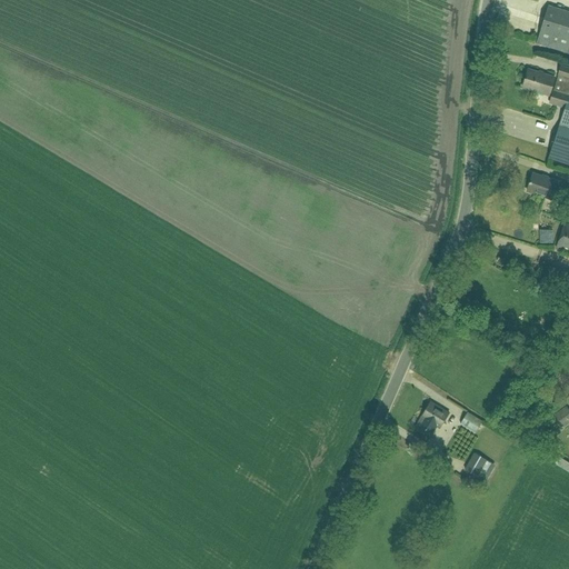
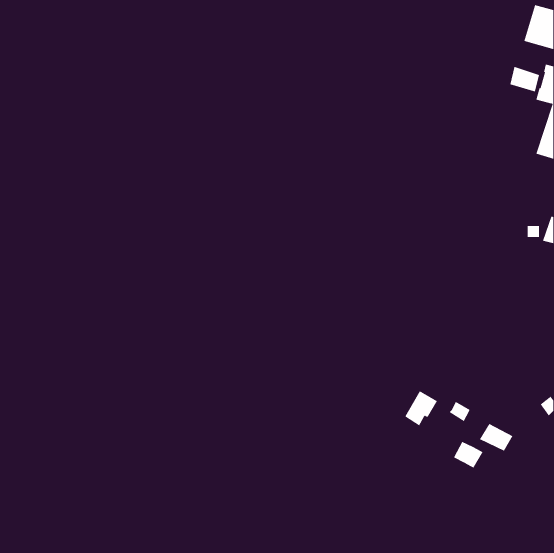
building: [527,172,560,199] -> none
building: none -> [479,423,513,452]

